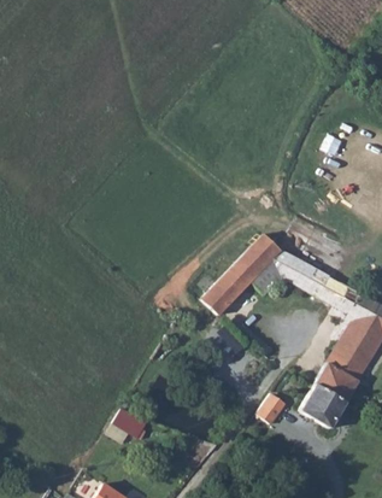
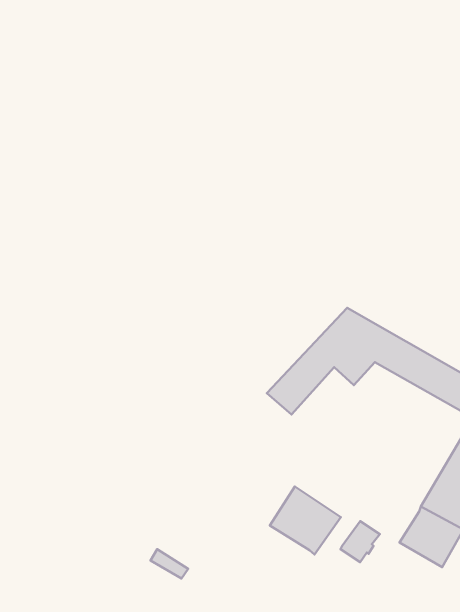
building: none -> [270,487,341,554]

